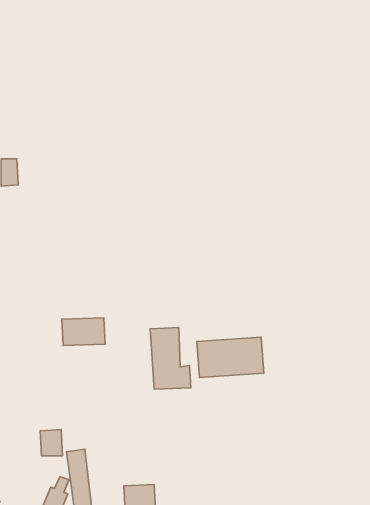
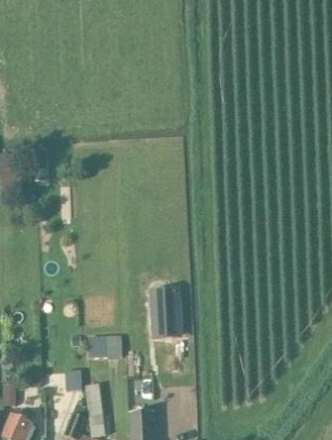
building: [62,318,105,345] -> [88,335,121,356]
building: [197,337,264,377] -> none

